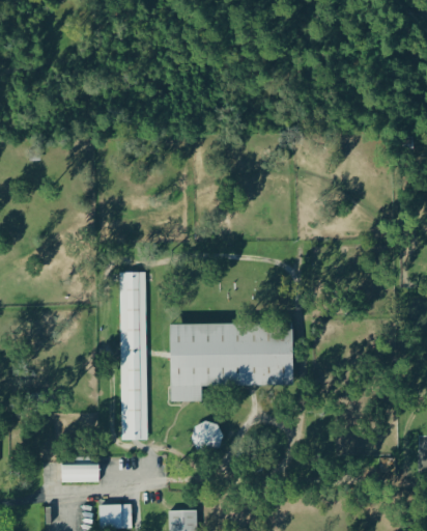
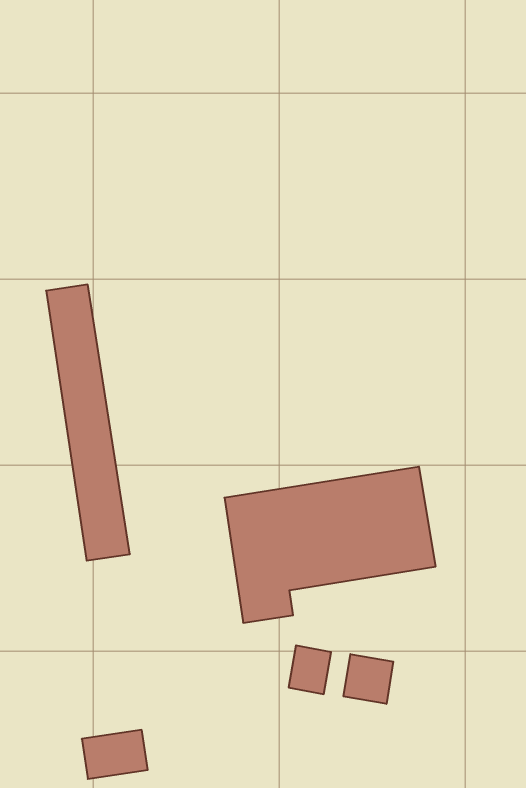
building: [120,272,147,440] -> [46,285,130,561]
building: none -> [344,654,393,704]

